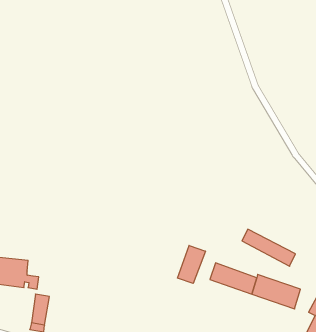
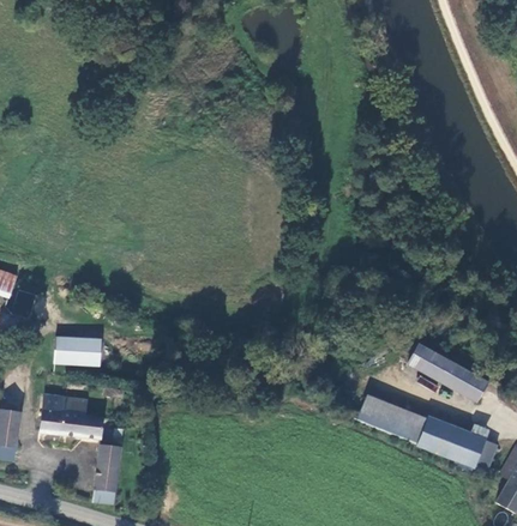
building: none -> [56,337,104,363]
building: [177,245,205,283] -> none

